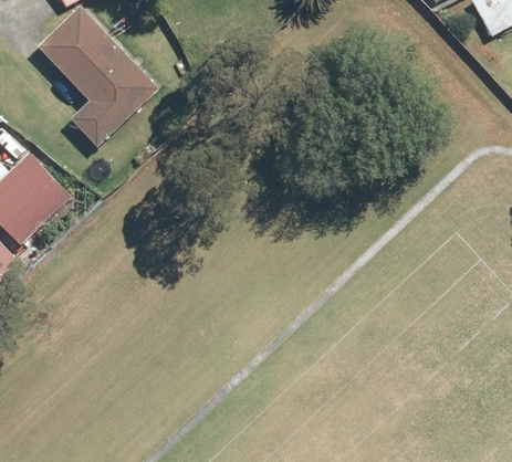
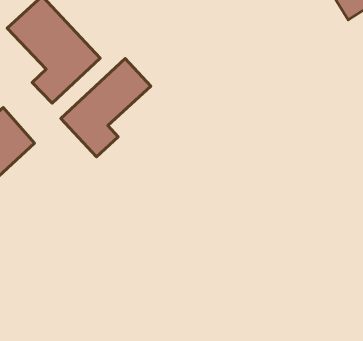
building: none -> [61,59,151,157]

